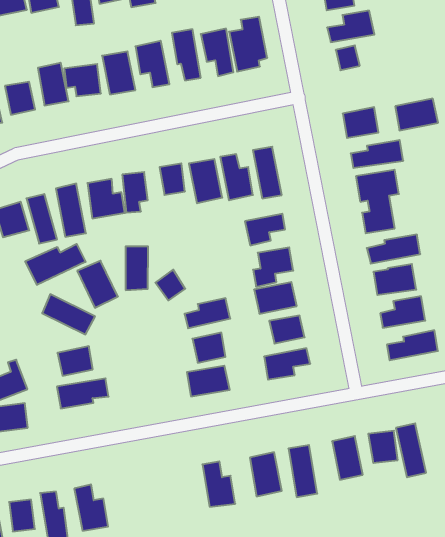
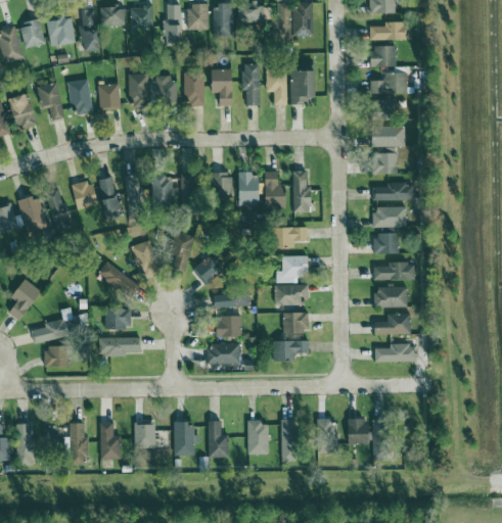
building: [395,99,438,130] -> [373,126,406,147]
building: [25,244,86,285] -> none
building: none -> [174,421,193,455]
building: none -> [134,423,155,446]

